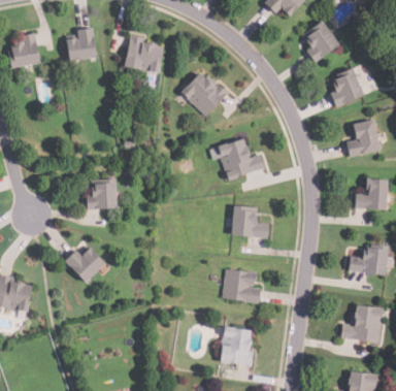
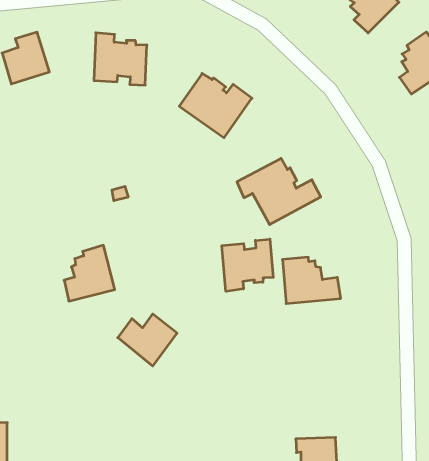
building: none -> [222,239,273,291]
building: [64,248,104,283] -> [118,314,177,366]
building: [222,268,260,303] -> none

